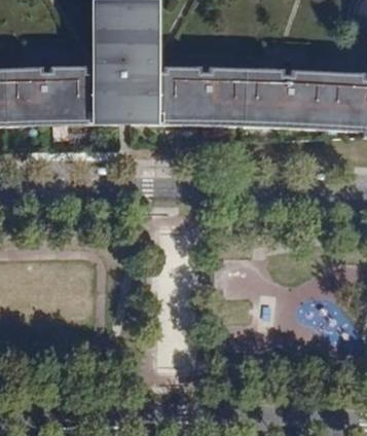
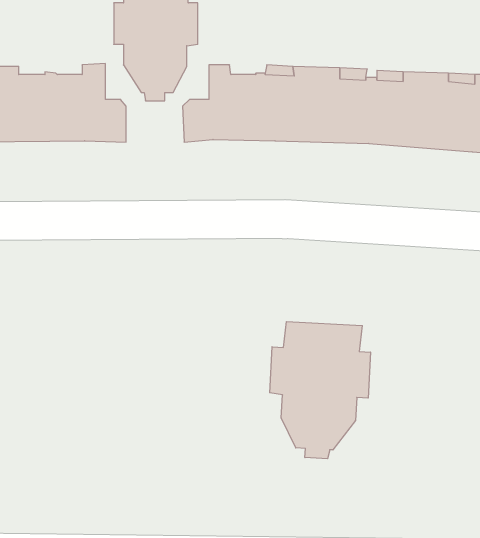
building: [85,52,162,126] -> none
building: none -> [270,322,370,459]

